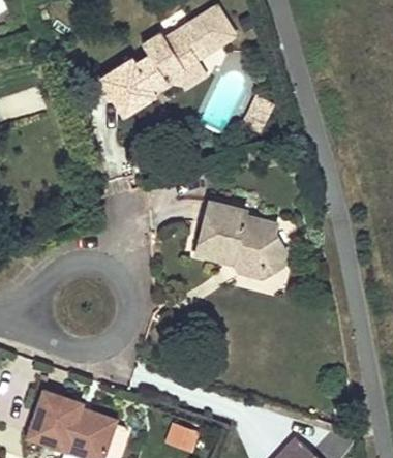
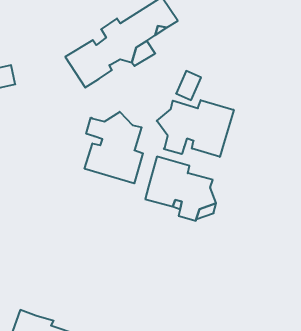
building: none -> [157,100,234,157]
building: none -> [85,112,143,183]

